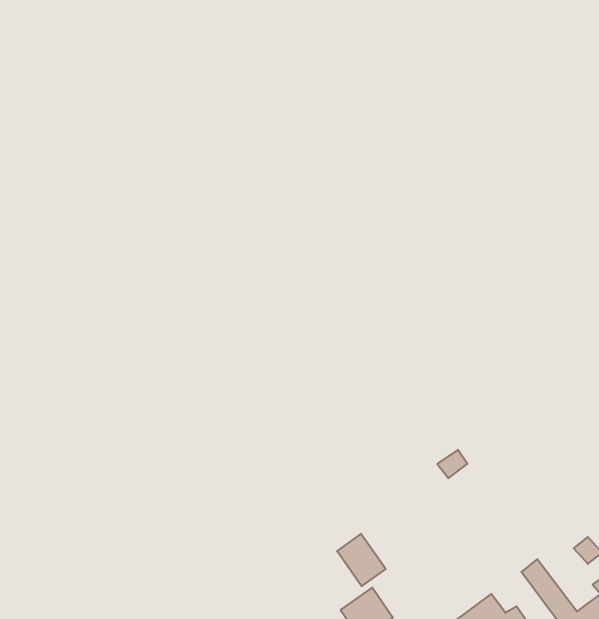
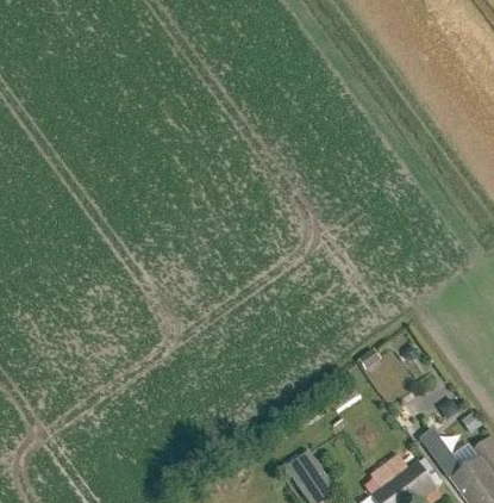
building: [337,534,386,586] -> none

